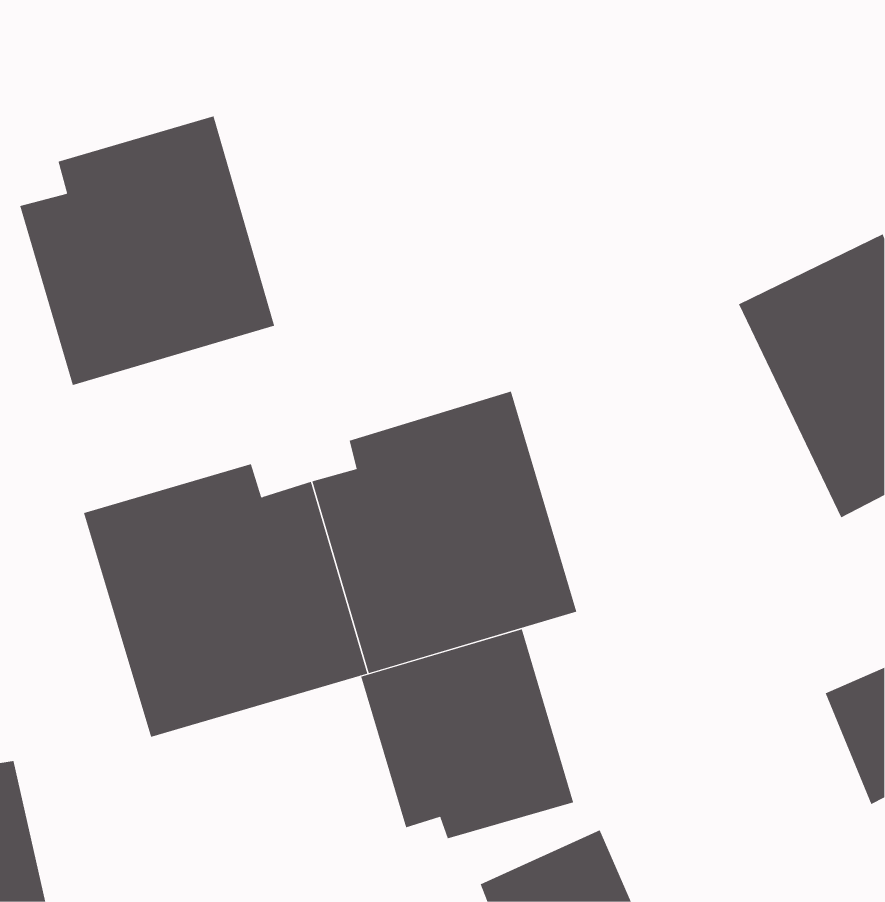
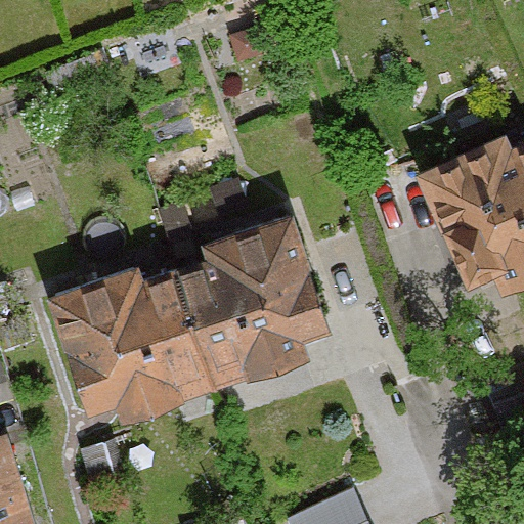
building: [20,116,275,386] -> none
building: [361,628,574,839] -> none

